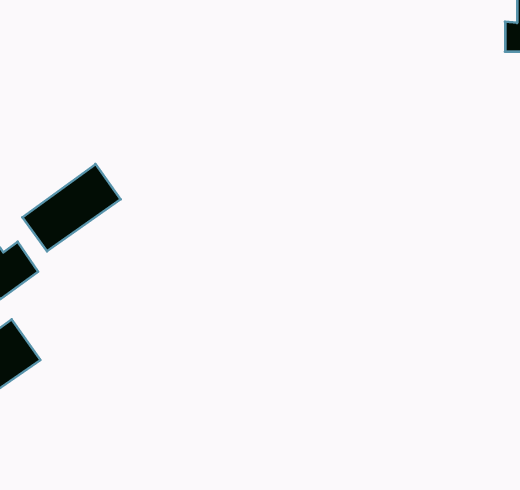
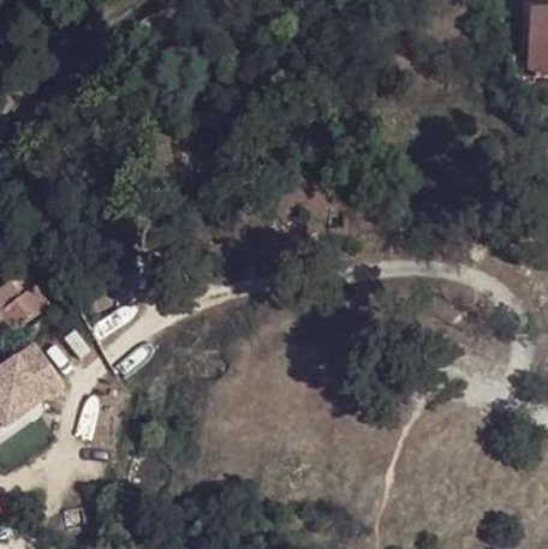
building: [22,164,121,251] -> none

